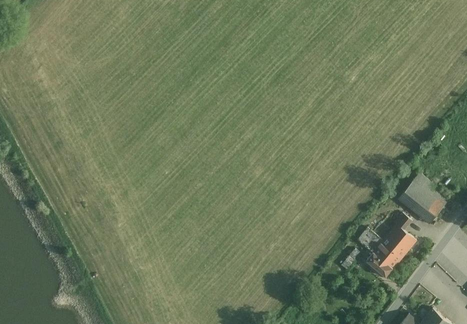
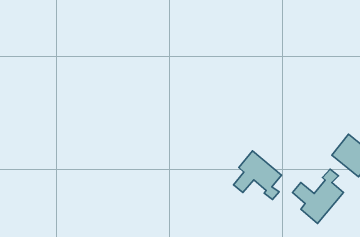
building: none -> [234,151,281,200]

